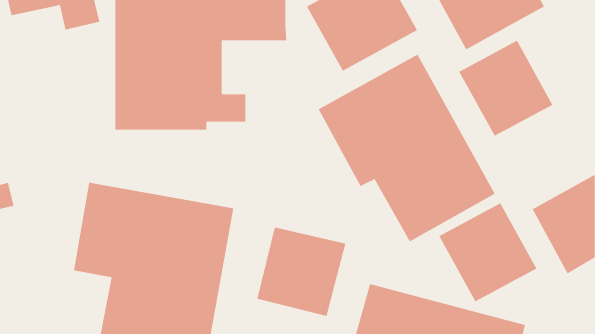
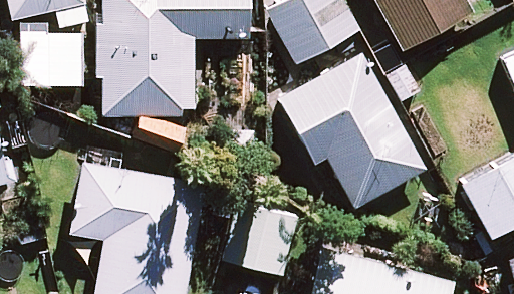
building: [459,40,553,137] -> none
building: [439,203,537,302] -> none

